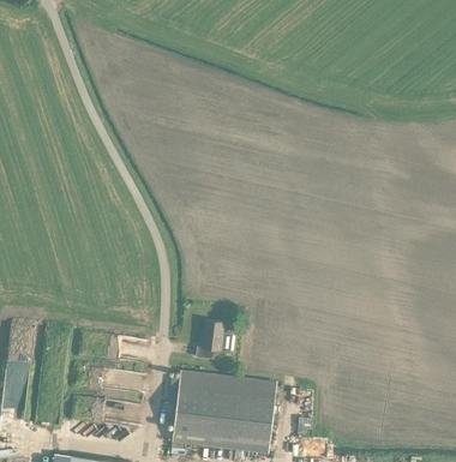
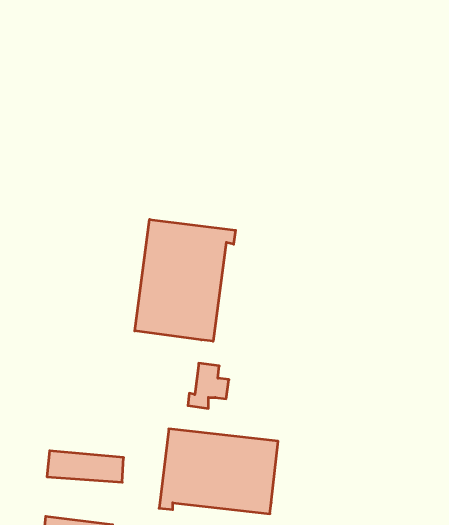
building: none -> [135,219,236,341]

